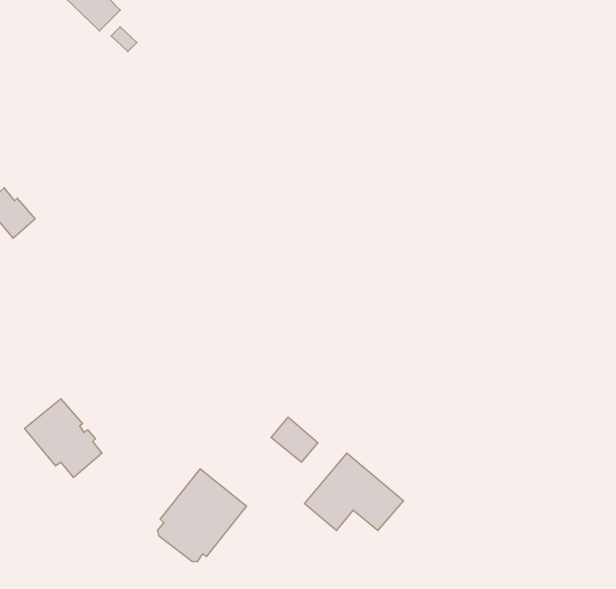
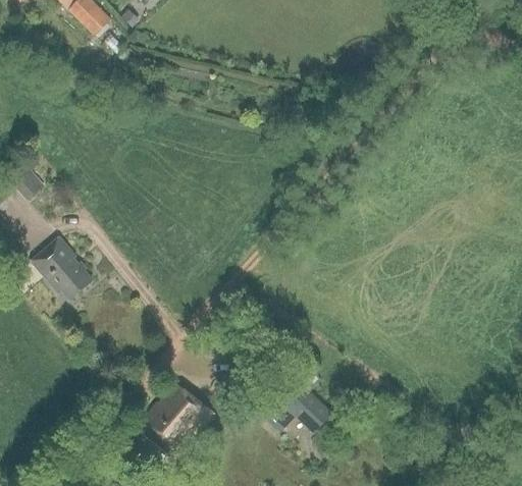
building: [25,399,102,478] -> [31,237,92,300]
building: [271,417,318,462] -> none

